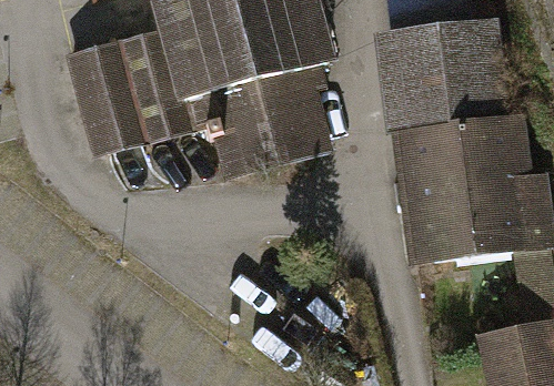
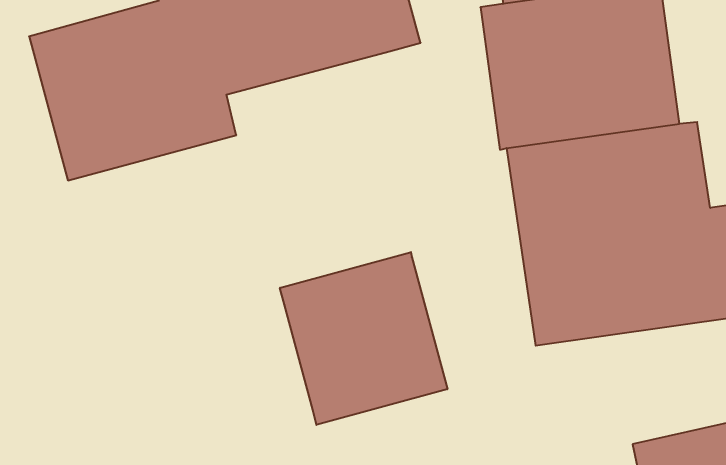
building: [201,67,332,179] -> none
building: none -> [280,252,447,425]

